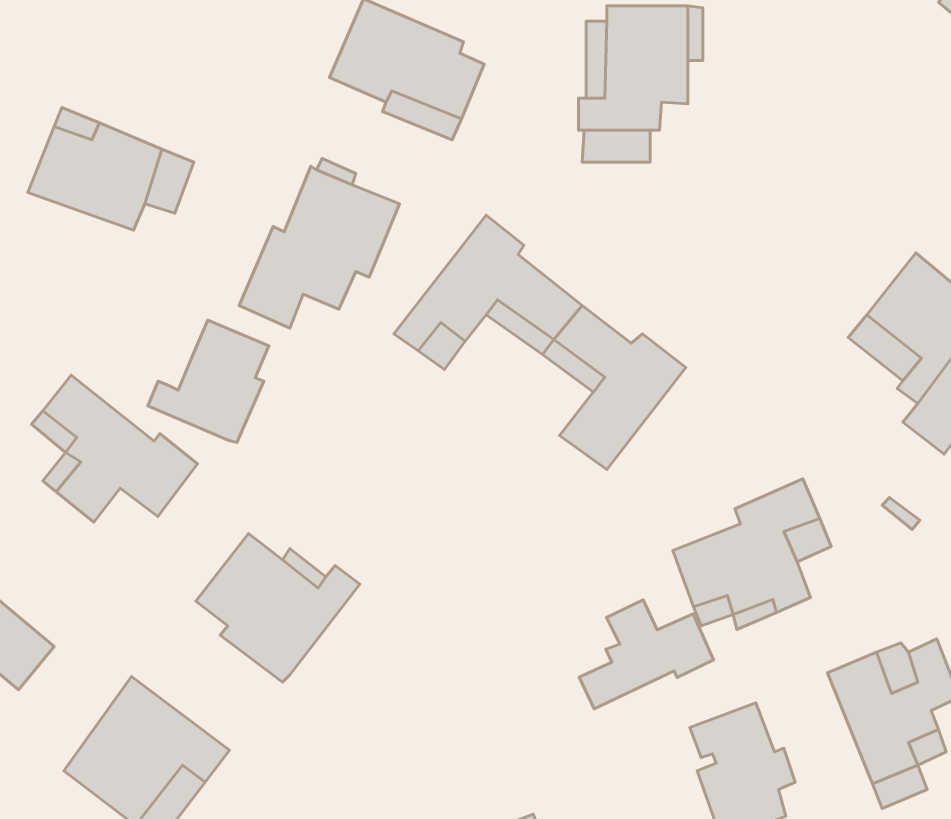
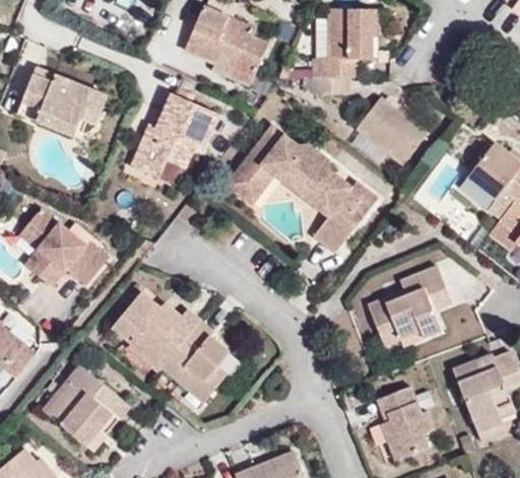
building: none -> [361,100,429,165]
building: [148,320,269,443] -> none
building: none -> [160,321,228,402]
building: [579,600,714,709] -> none

